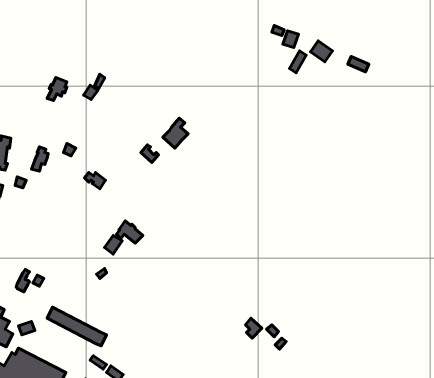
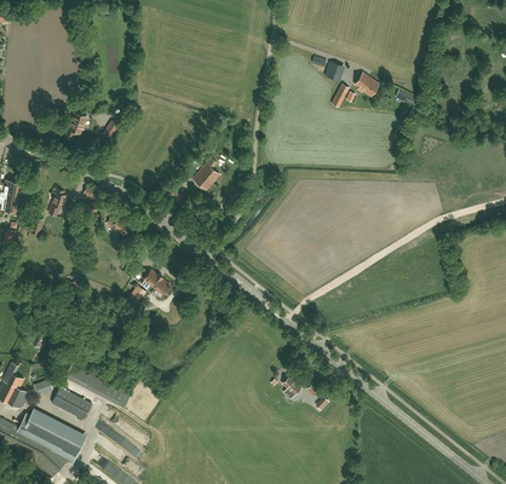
building: none -> [52,387,92,419]

